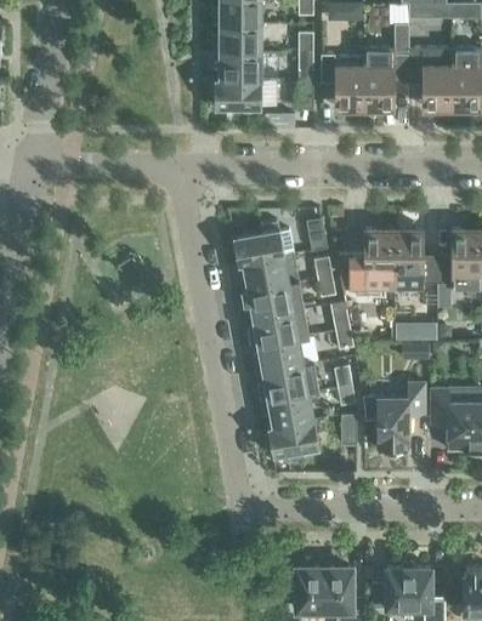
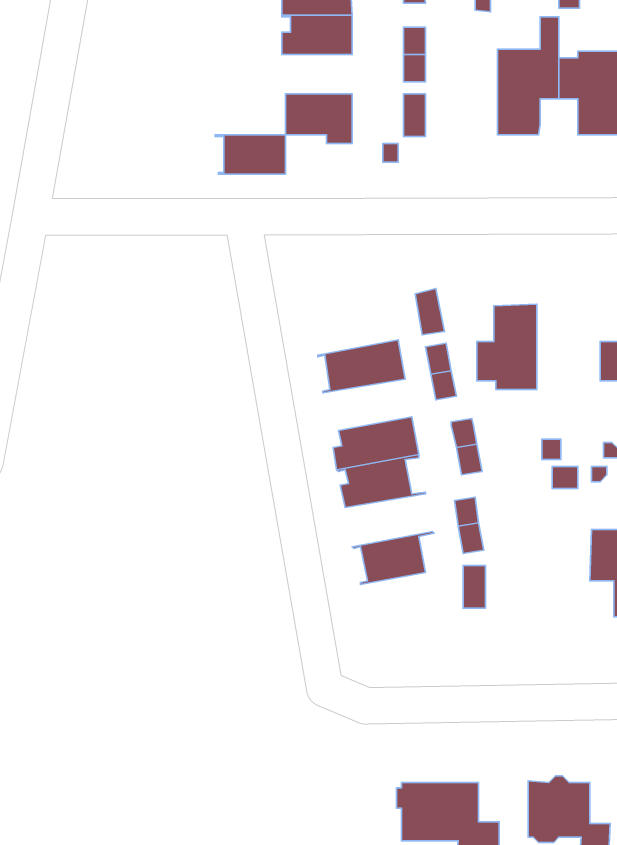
building: [322,47,365,108] -> none
building: [212,51,262,79] -> [215,135,285,174]
building: [233,221,295,264] -> none
building: [393,228,438,289] -> none
building: [242,281,305,318] -> none
building: [257,363,319,400] -> none
building: [376,382,425,450] -> none
building: [268,418,321,456] -> none

